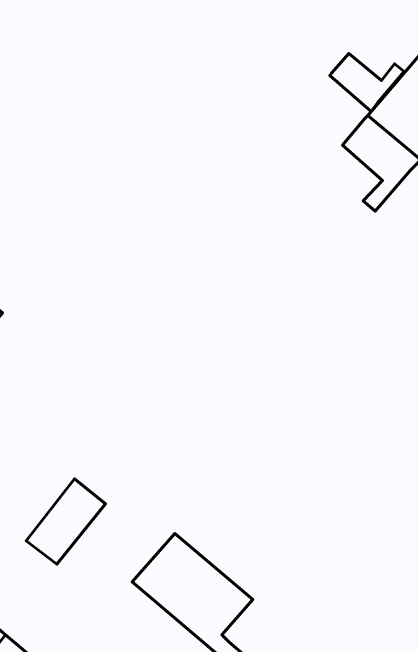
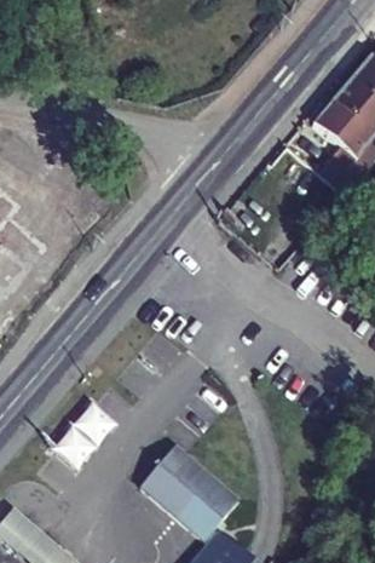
building: [330,54,404,112] -> none

